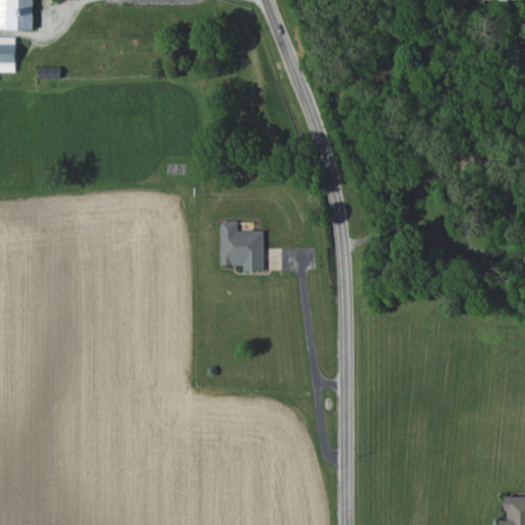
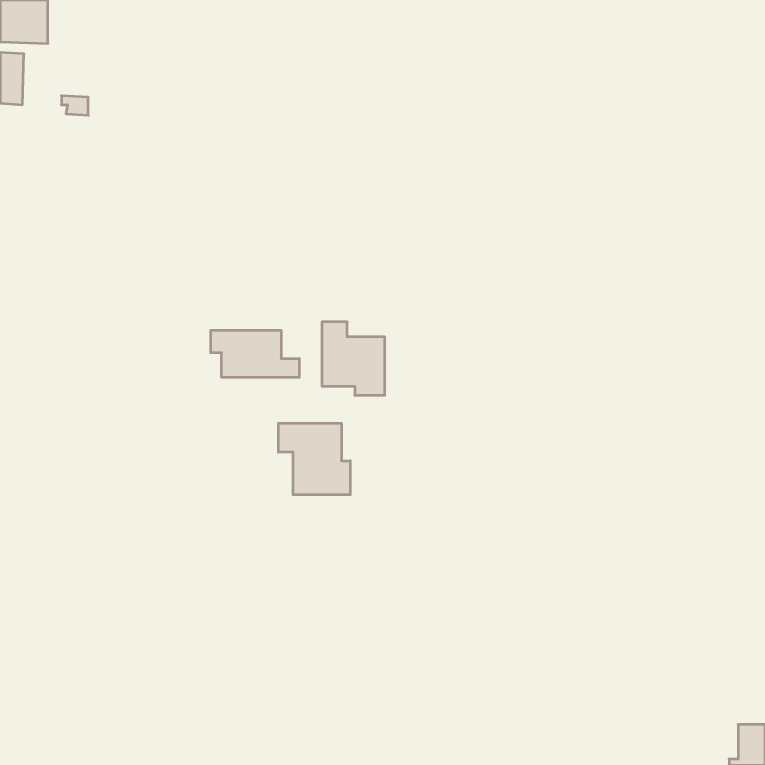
building: none -> [211,330,299,377]
building: none -> [278,423,350,495]

